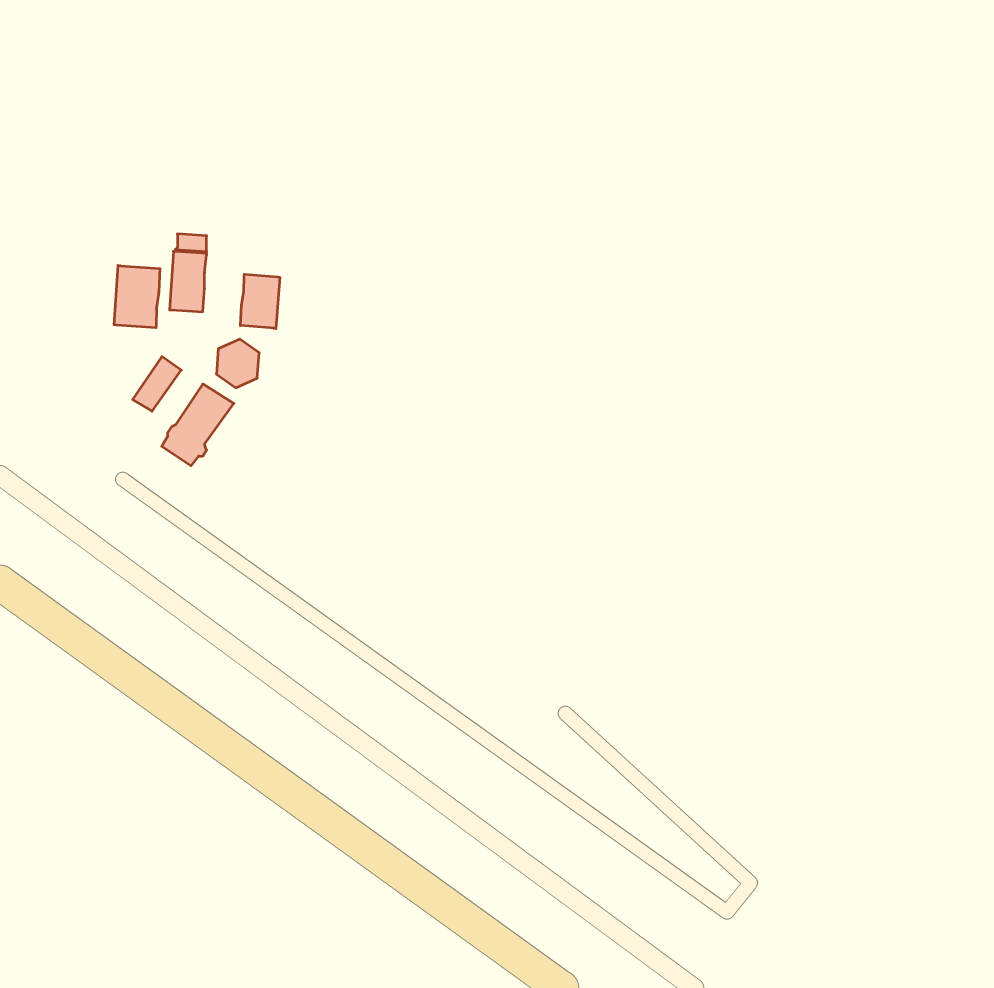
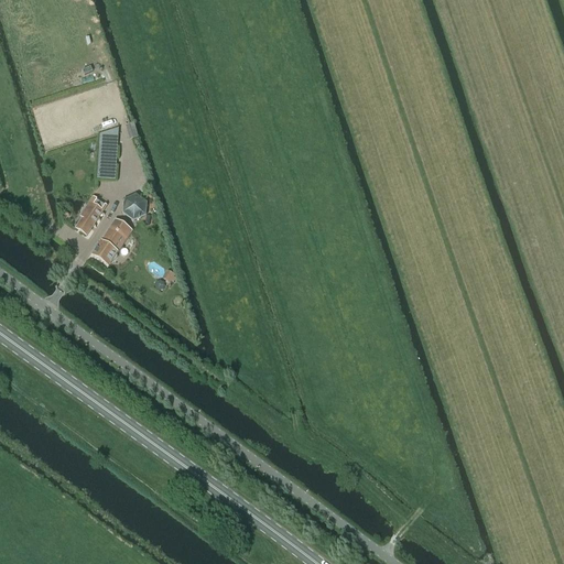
building: [114,265,160,328] -> none
building: [240,274,280,329] -> none

